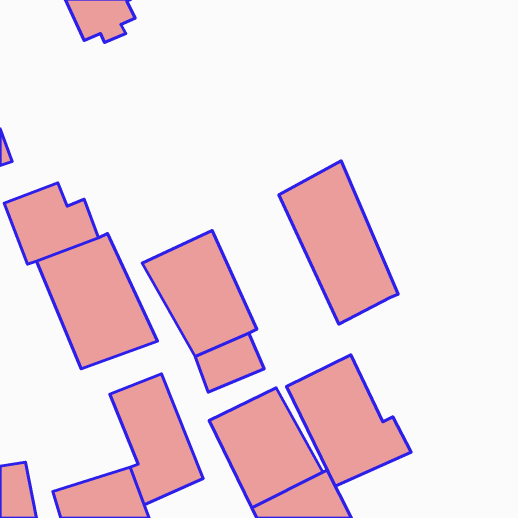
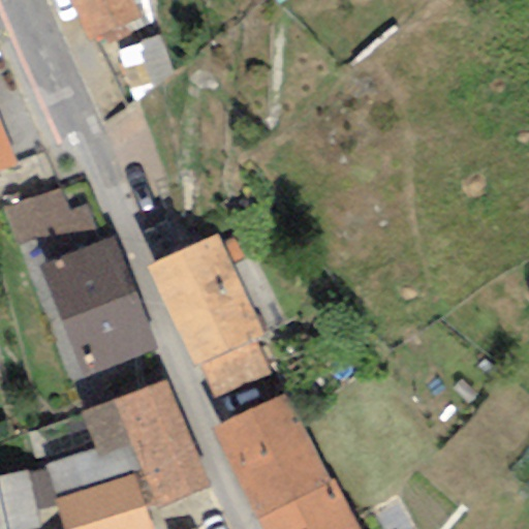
building: [279,161,398,324] -> none
building: [286,355,411,486] -> none
building: none -> [43,401,142,500]

